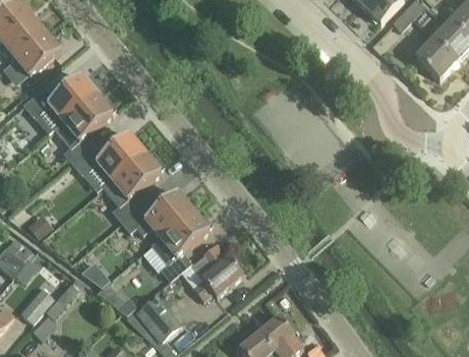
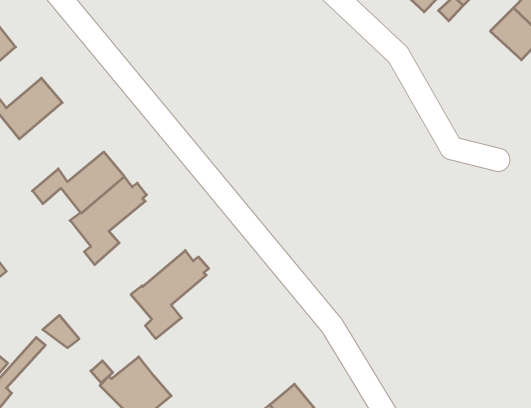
building: [415,39,457,79] -> none
building: [54,95,114,164] -> none
building: [122,191,193,239] -> none
building: [191,244,242,300] -> none

